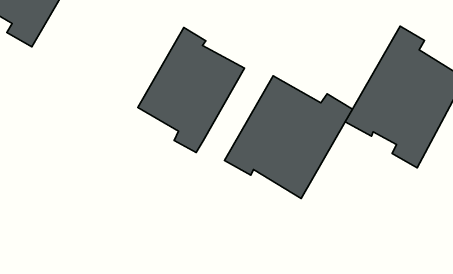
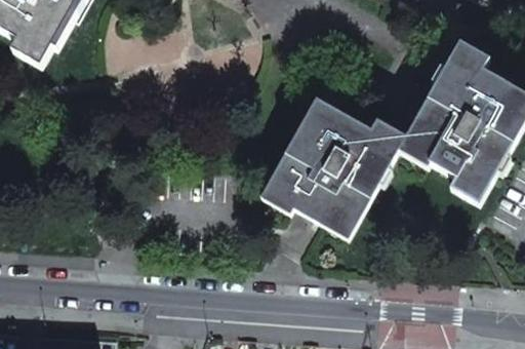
building: [138,28,244,153] -> none

